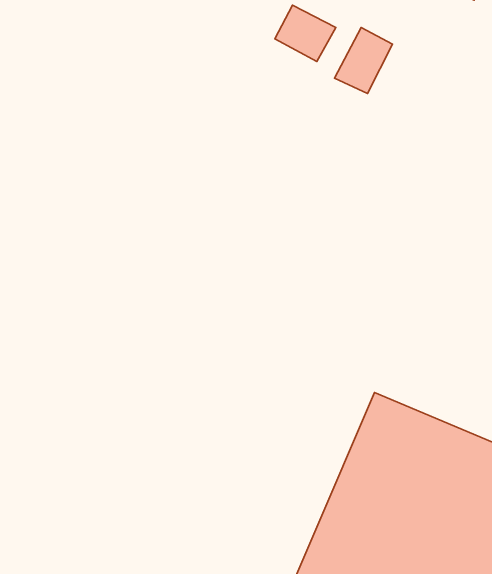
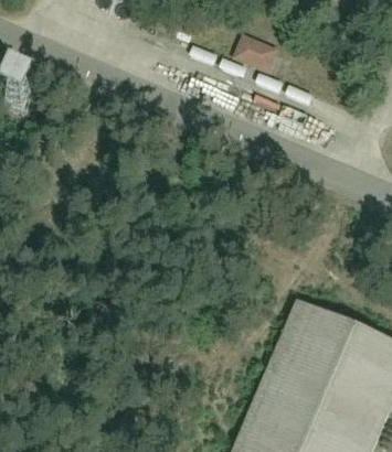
building: [334,28,393,93] -> none

